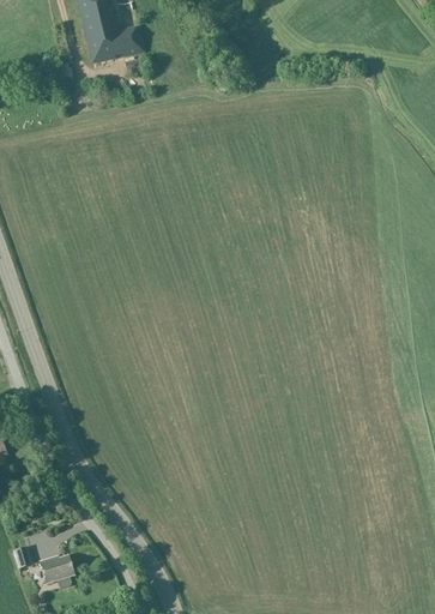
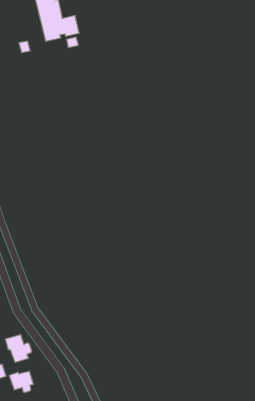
building: none -> [5,334,32,362]

